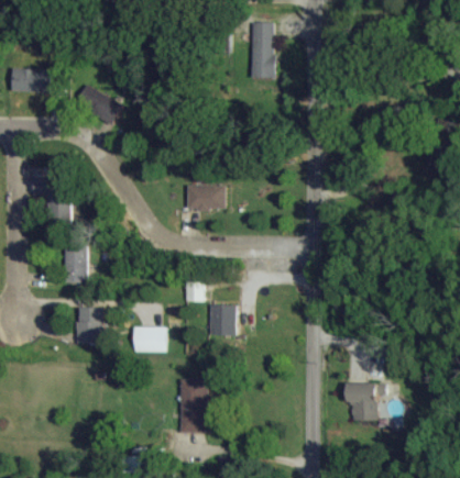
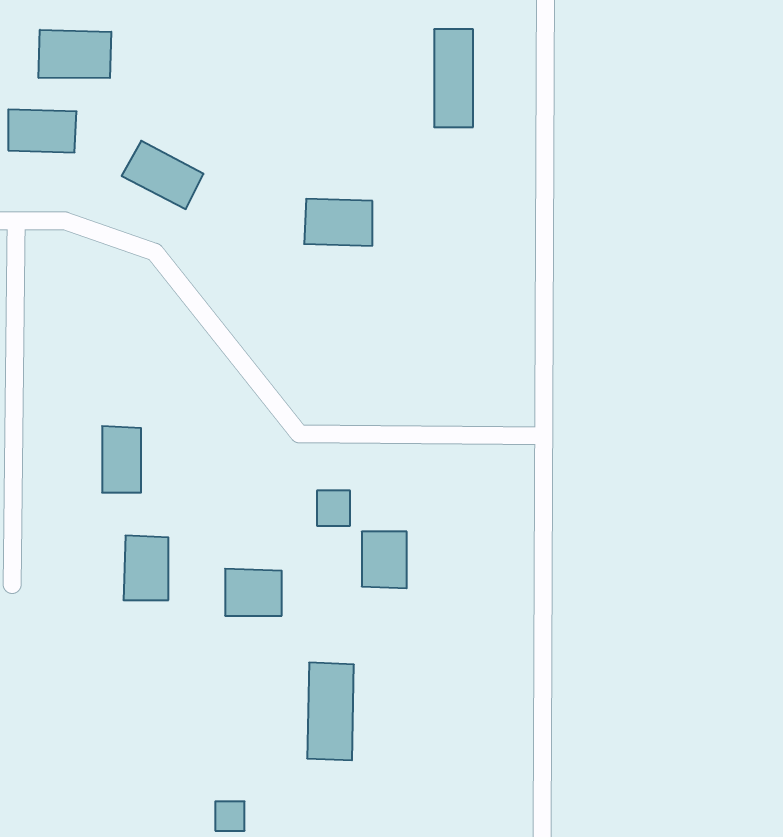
building: none -> [39,30,111,78]
building: [32,176,70,224] -> none
building: [186,184,224,210] -> [304,199,372,246]
building: [344,382,384,421] -> none

